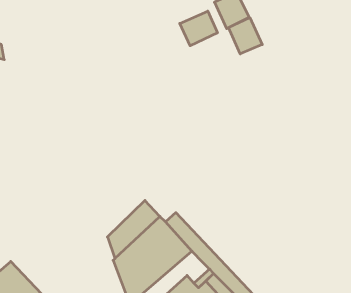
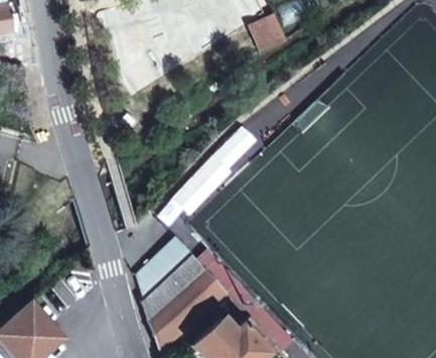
building: [180,11,217,46] -> none
building: [228,18,262,54] -> none

